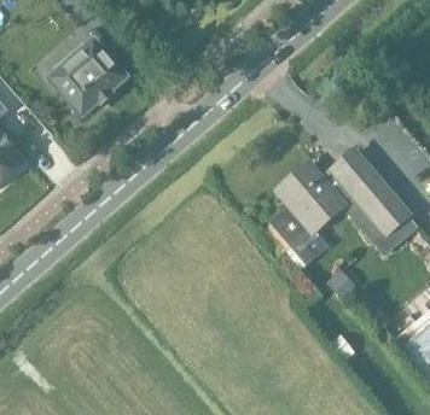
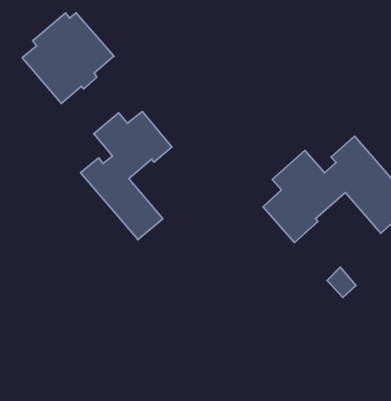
building: none -> [81,112,172,240]

